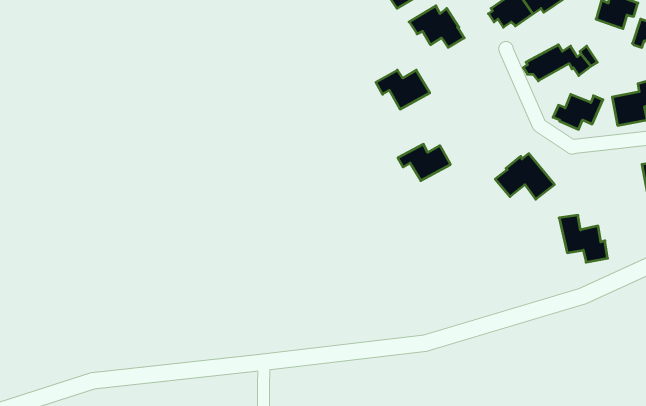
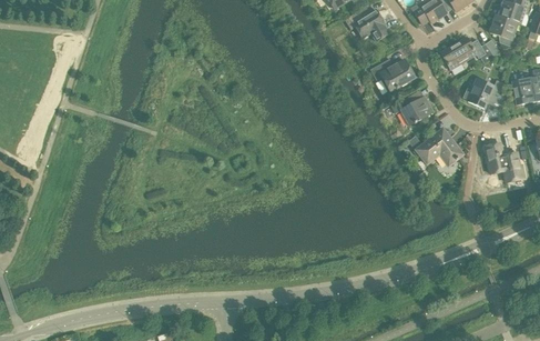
building: none -> [489,16,517,46]
building: [376,70,430,109] -> [370,59,415,91]
building: [398,144,450,181] -> [390,94,434,124]
building: [559,215,608,262] -> [485,142,524,181]

